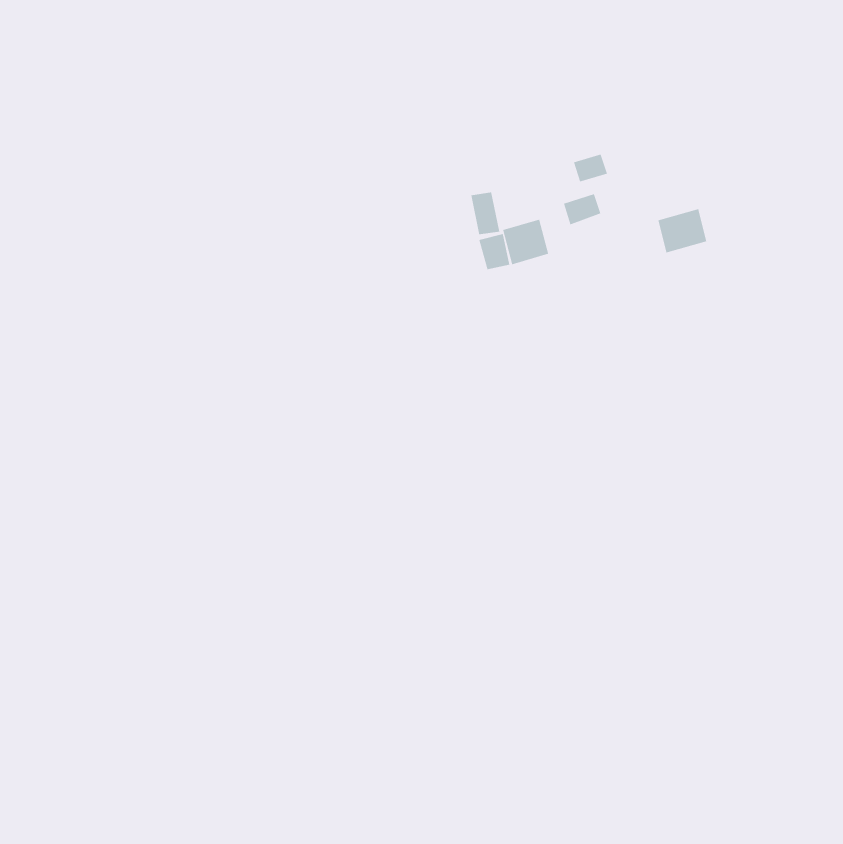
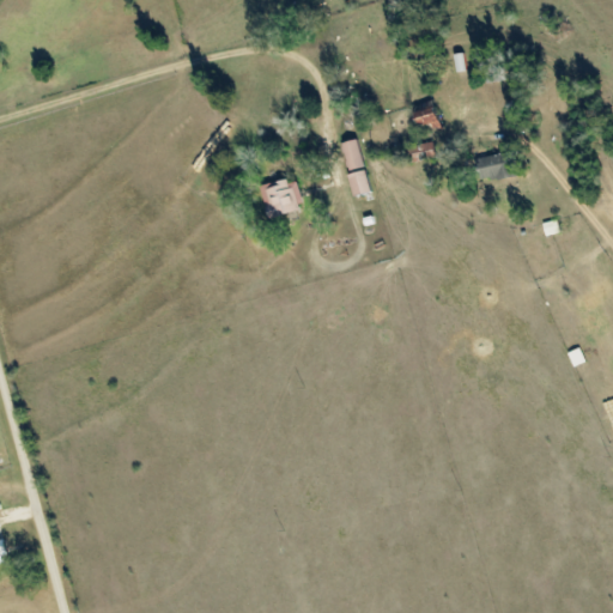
building: [502,219,549,265] -> none
building: none -> [259,176,303,217]

